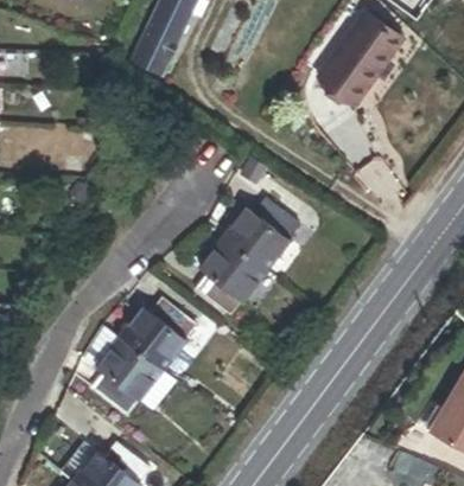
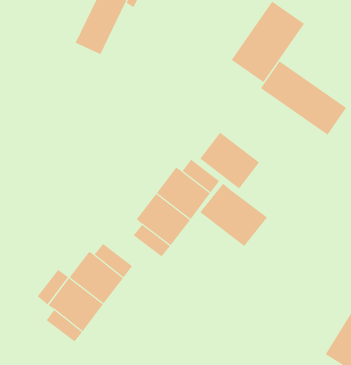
building: none -> [260,61,347,135]
building: none -> [200,132,260,189]
building: none -> [199,183,268,247]

